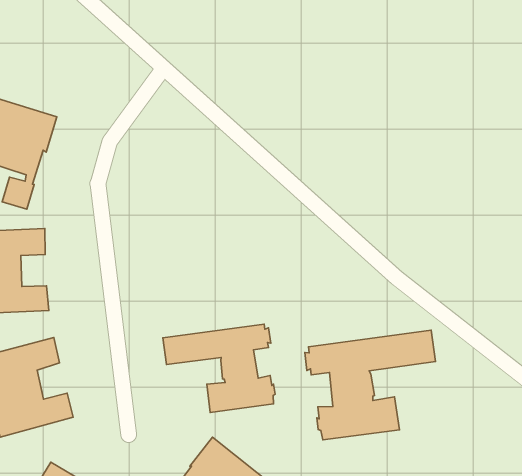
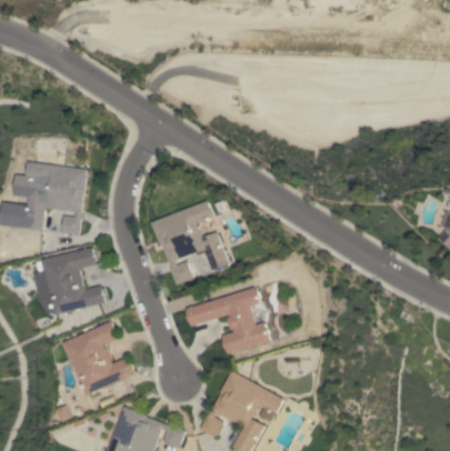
building: none -> [150,201,227,285]
building: [305,330,435,440] -> none

